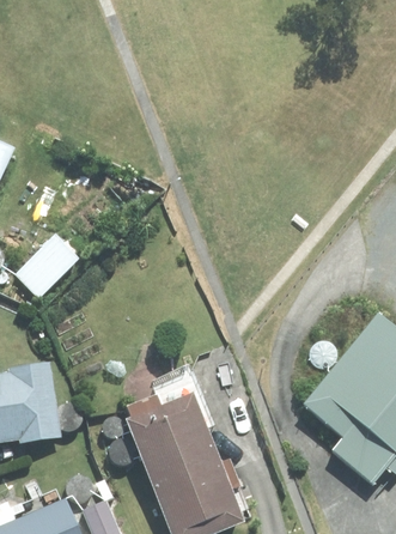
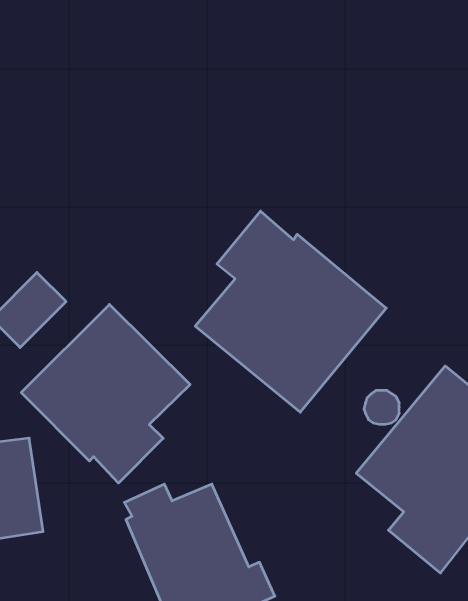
building: none -> [195,211,386,412]
building: none -> [21,304,190,483]

